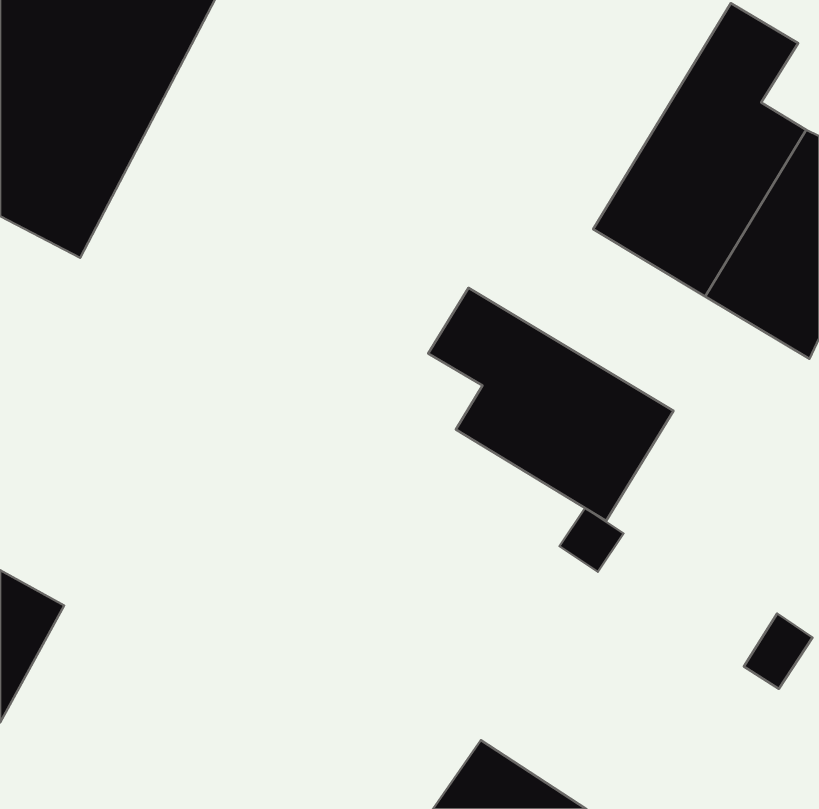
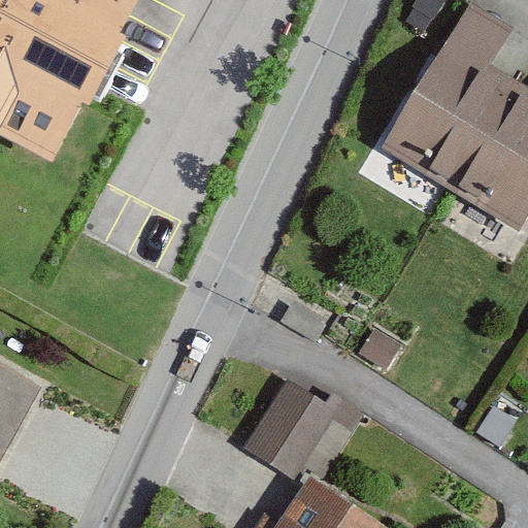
building: [428,288,673,521] -> none
building: none -> [241,375,364,477]

